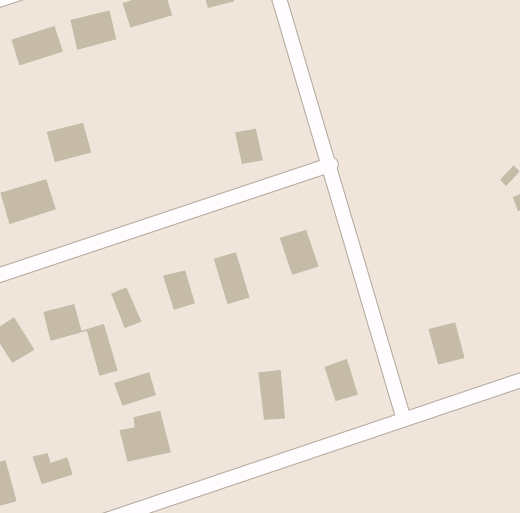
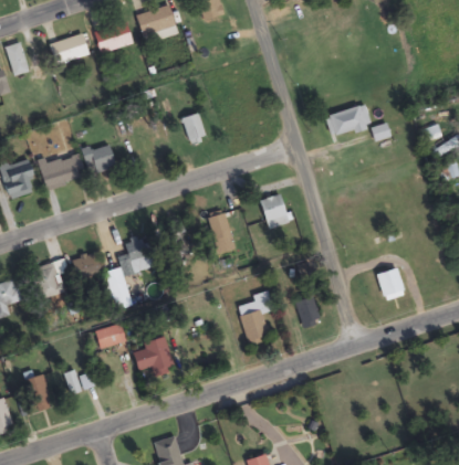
building: none -> [326,105,372,135]
building: [46,122,92,163] -> [81,142,117,175]
building: [234,128,264,165] -> [184,113,207,141]
building: [113,371,157,407] -> [94,323,128,350]

